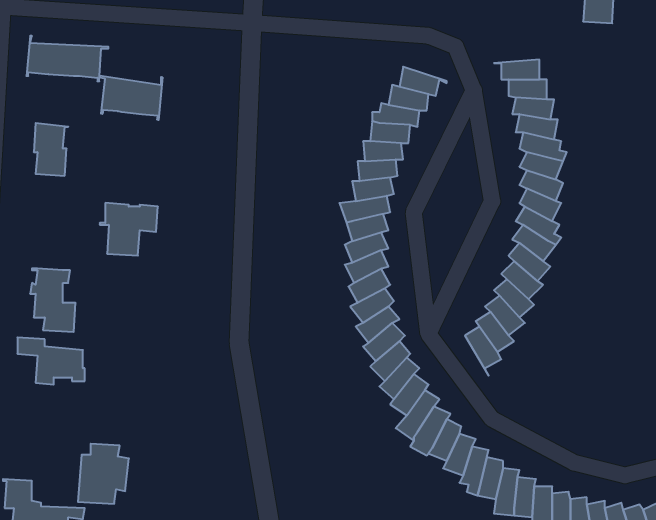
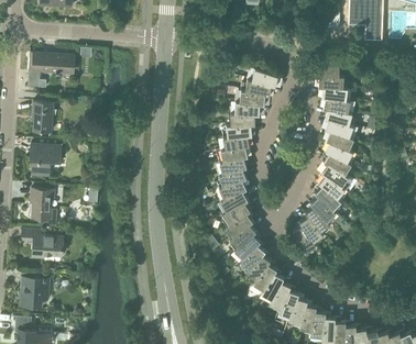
building: [99,76,162,120] -> none
building: [100,203,158,256] -> [26,145,62,177]
building: [78,444,129,504] -> [19,271,50,308]

